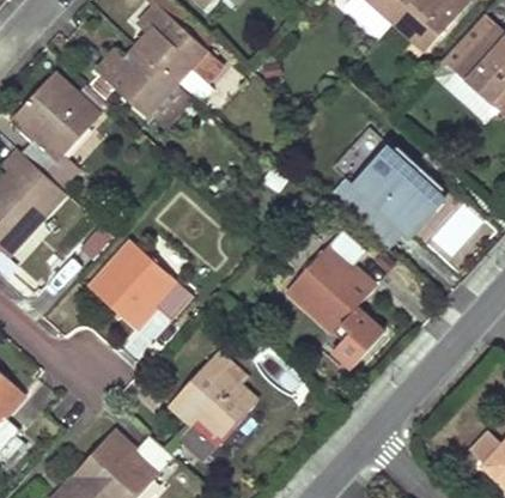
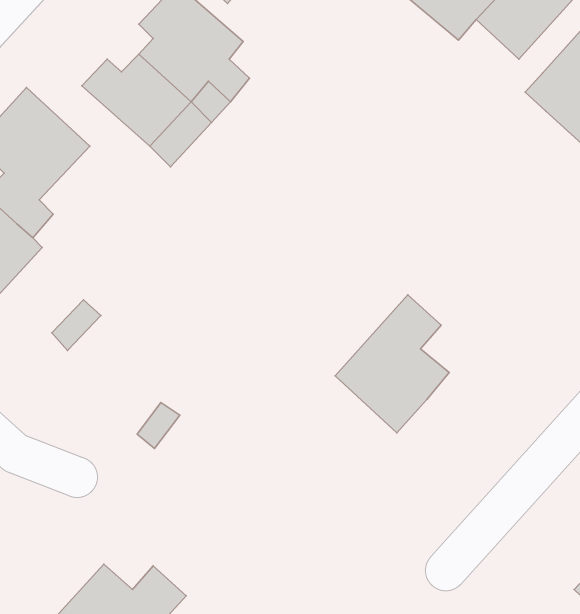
building: [341,146,444,233] -> none
building: [90,241,191,324] -> none
building: [324,308,383,368] -> none
building: [170,350,256,462] -> none

